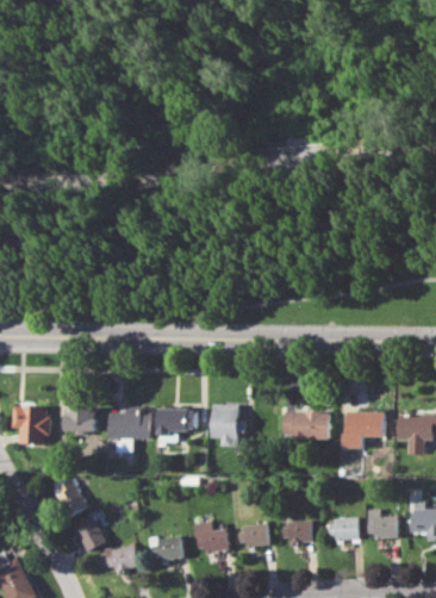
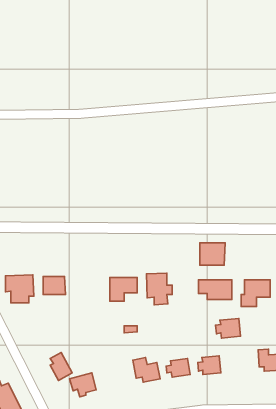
building: none -> [200,243,225,265]
building: [108,406,152,454] -> none
building: [49,475,88,517] -> none
building: [325,515,360,542] -> [216,318,240,338]
building: [147,535,183,567] -> none

